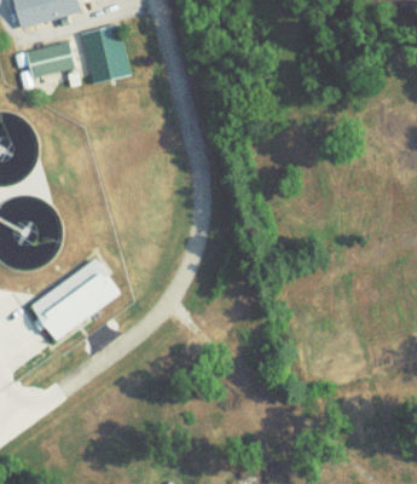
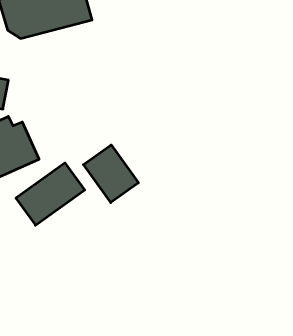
building: none -> [83,145,138,203]

